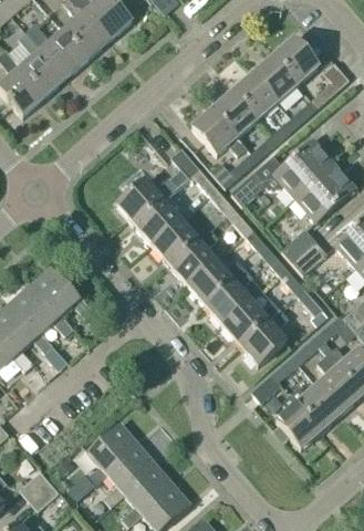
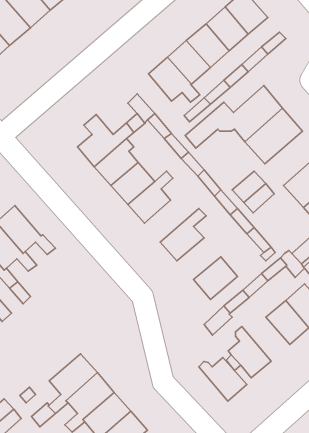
building: [188,260,246,304] -> none
building: [222,300,280,344] -> none
building: [291,384,342,430] -> [199,357,247,401]

